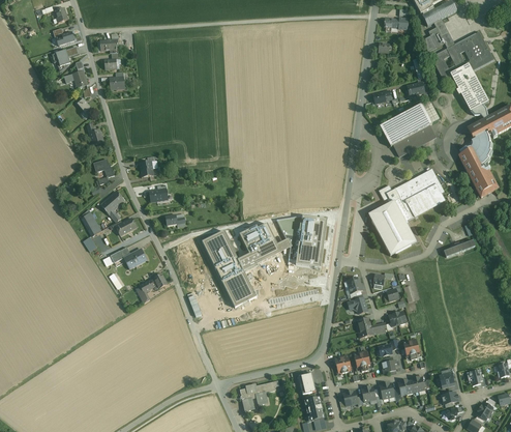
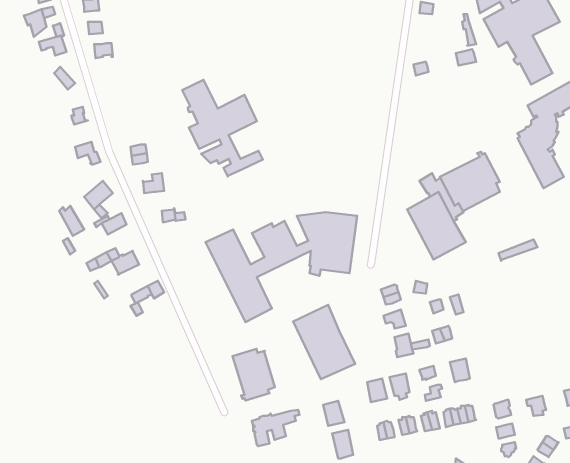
building: [380,104,435,156] -> none
building: none -> [182,80,263,177]
building: none -> [293,305,355,379]
building: none -> [233,349,275,400]

